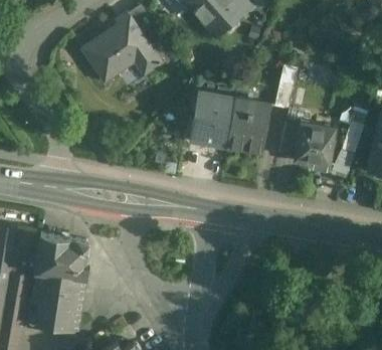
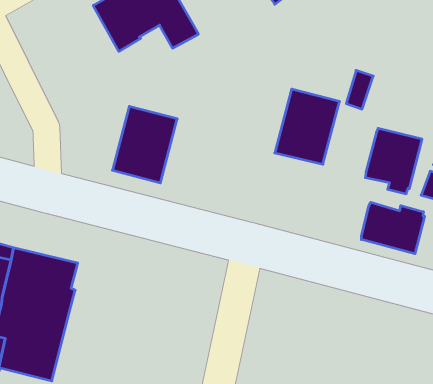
building: [190,92,234,146] -> [112,106,177,183]
building: [277,122,300,154] -> none
building: none -> [361,202,425,254]

